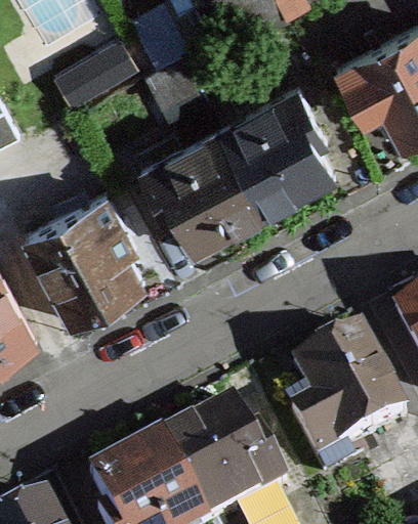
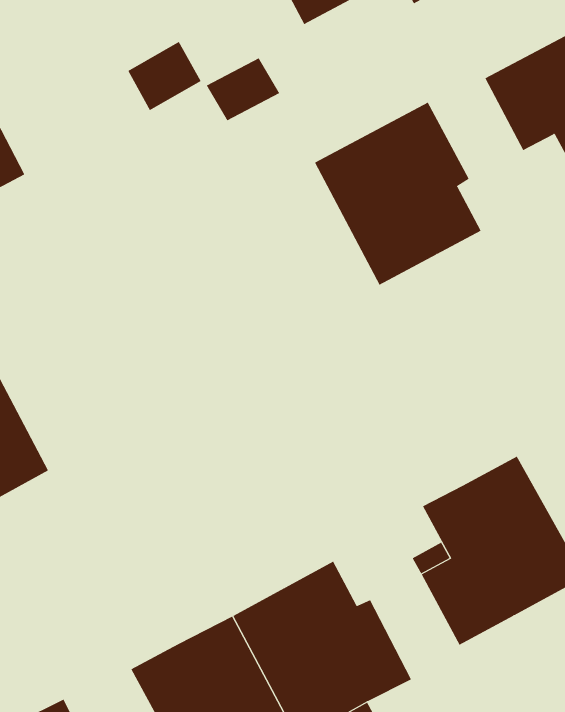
building: [141,128,264,250] -> none
building: [26,194,143,321] -> none

